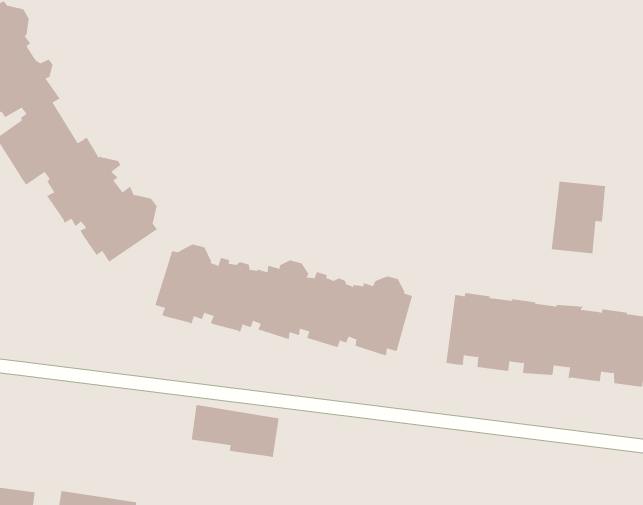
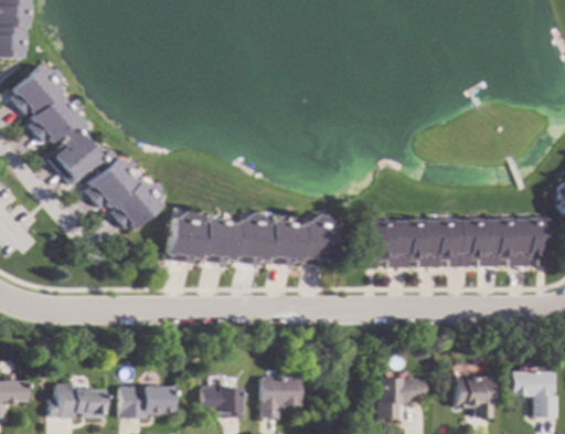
building: [551,181,606,254] -> none
building: [191,404,279,458] -> none

